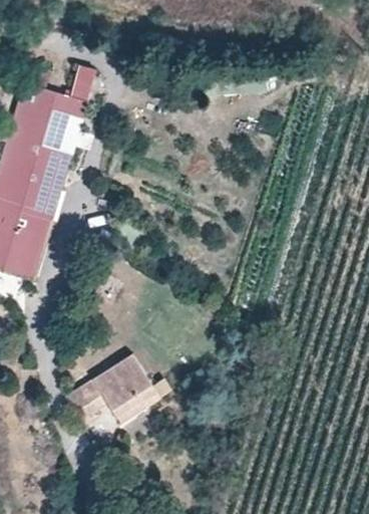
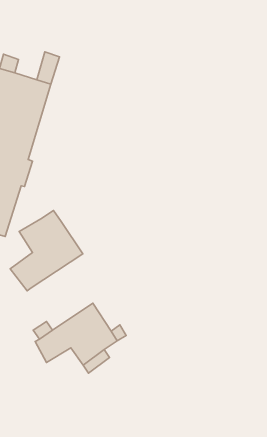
building: none -> [10,211,83,291]

